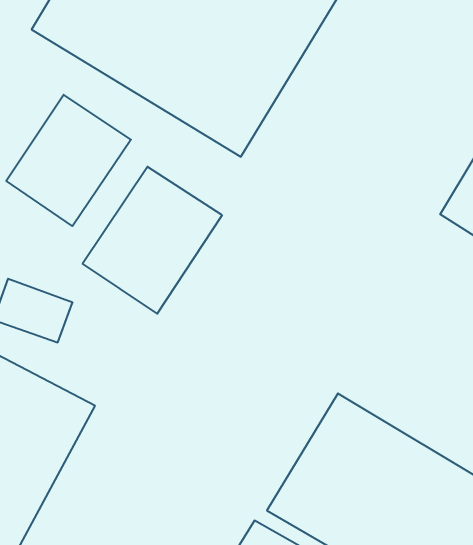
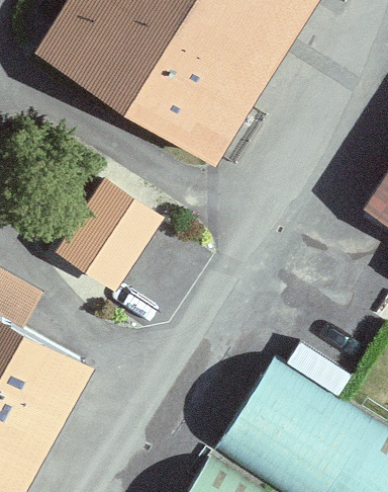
building: [6,95,131,226] -> none

